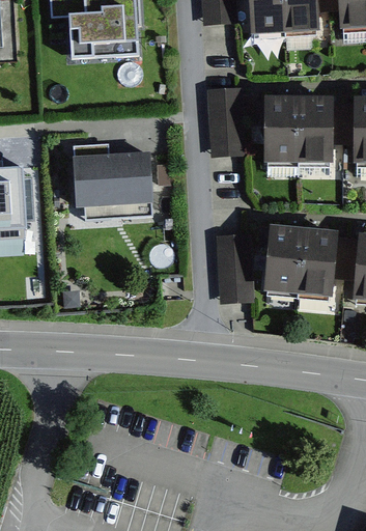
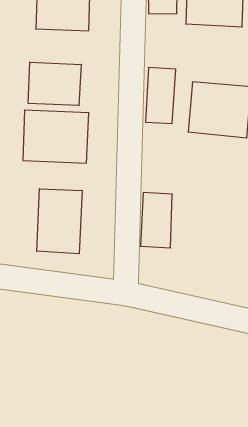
building: none -> [28,62,81,106]
building: [262,232,336,294] -> none
building: none -> [37,189,82,254]

